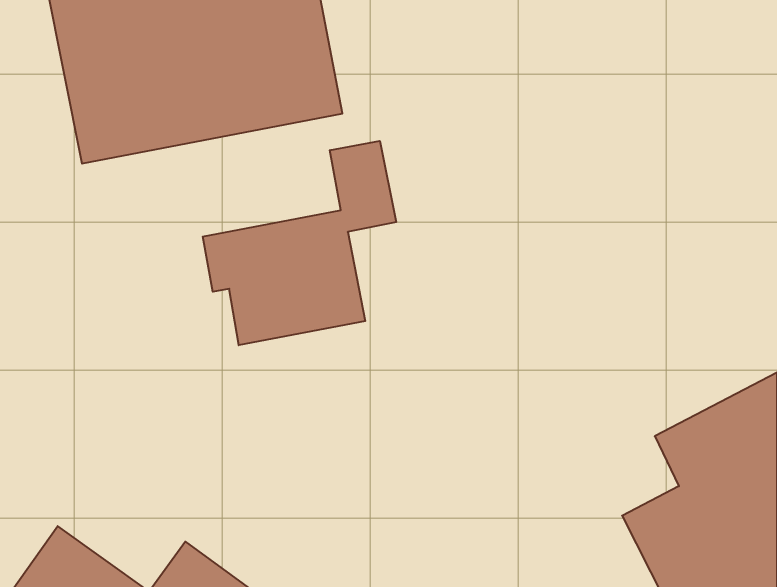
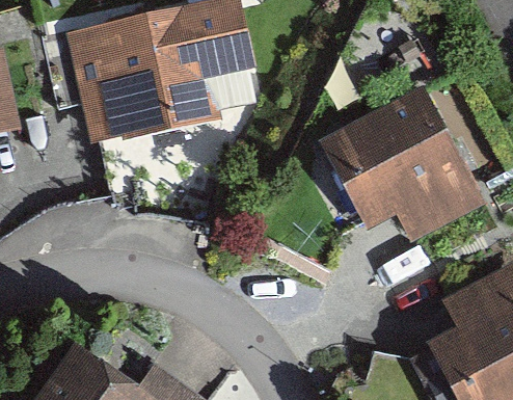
building: none -> [313,91,477,234]
building: [203,141,396,345] -> none

